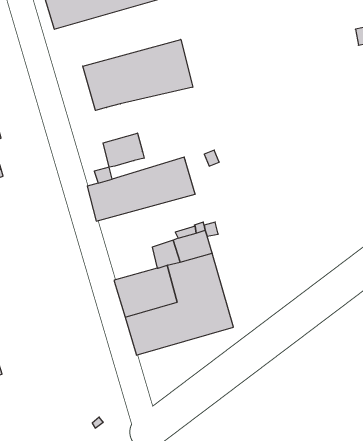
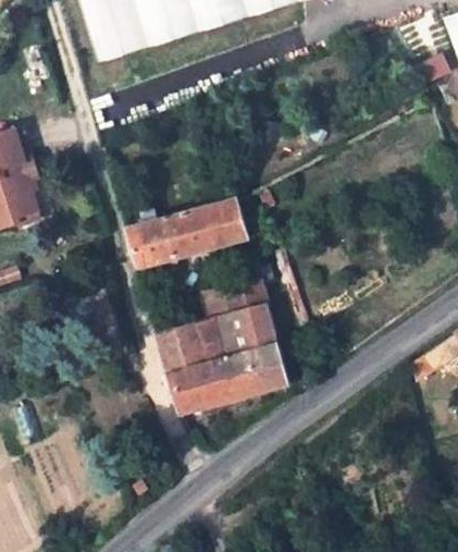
building: [83,39,193,110] -> none
building: [103,133,144,167] -> none

